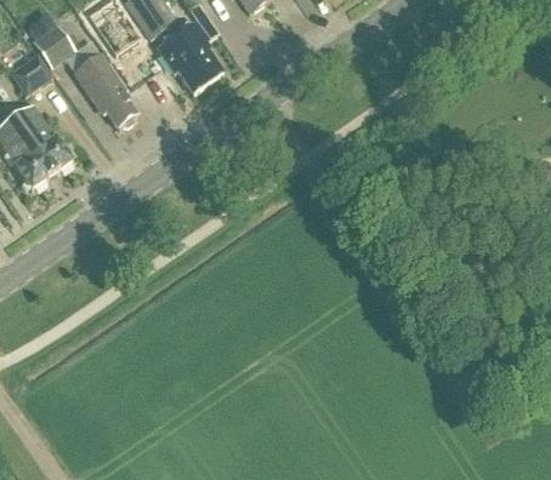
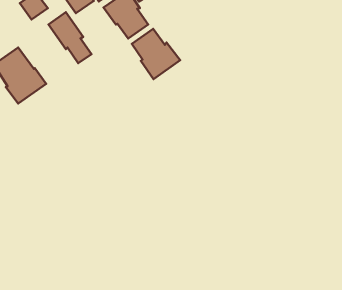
building: [11,53,52,93] -> none
building: none -> [132,29,180,79]

